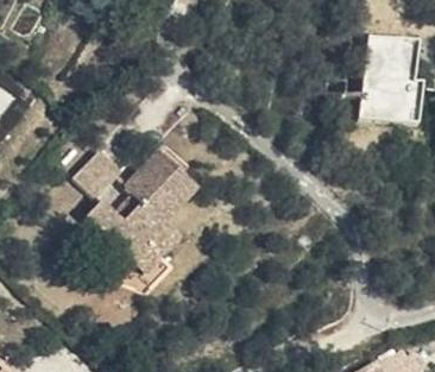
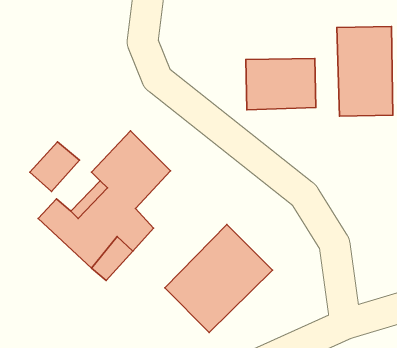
building: none -> [246,58,316,110]
building: none -> [165,225,272,332]

